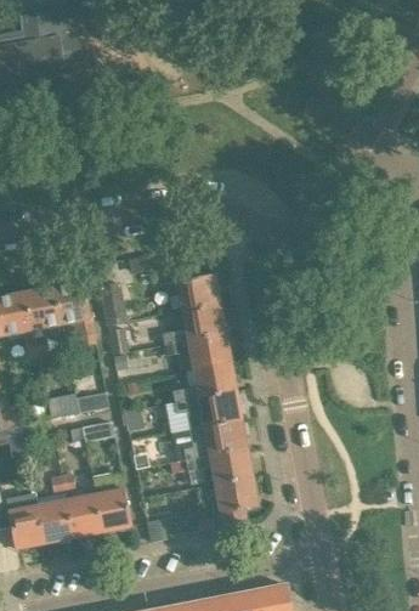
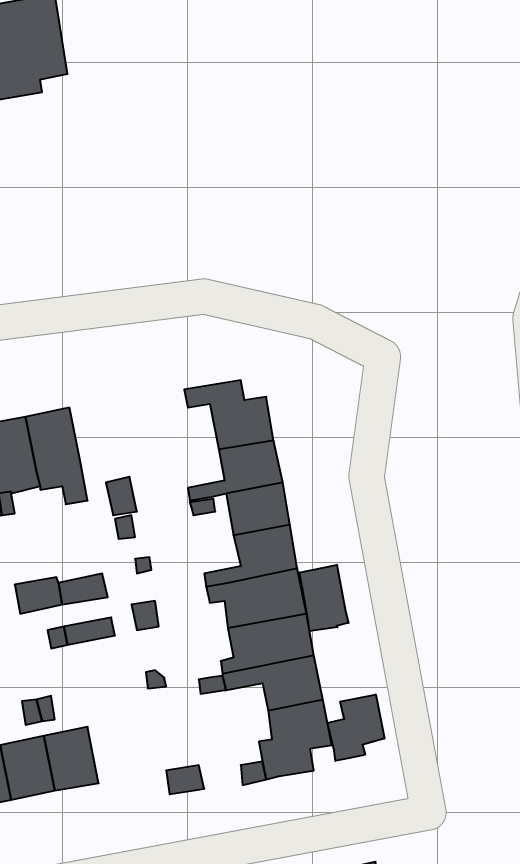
building: [98,282,126,323] -> none
building: none -> [299,565,349,631]
building: [91,471,131,531] -> none
building: none -> [327,694,384,761]

